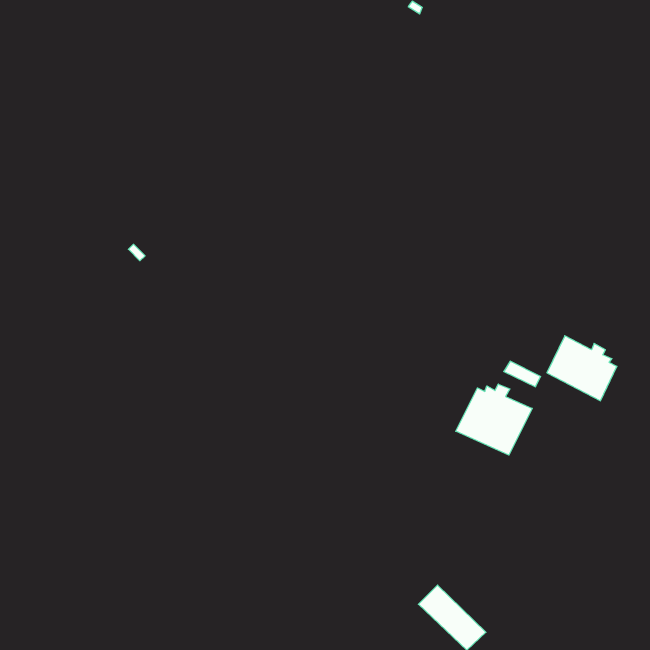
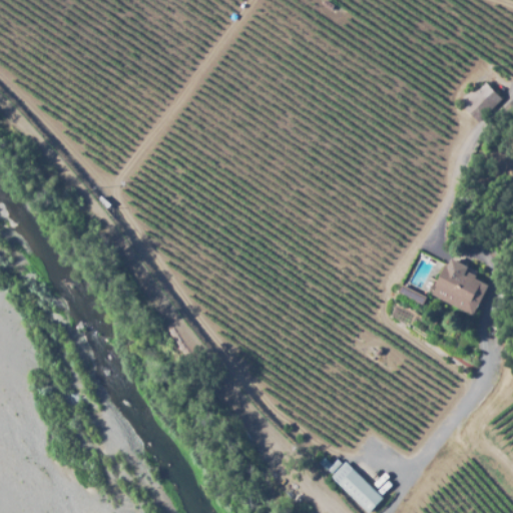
building: none -> [458,81,503,124]
building: [456,384,532,455] -> none

